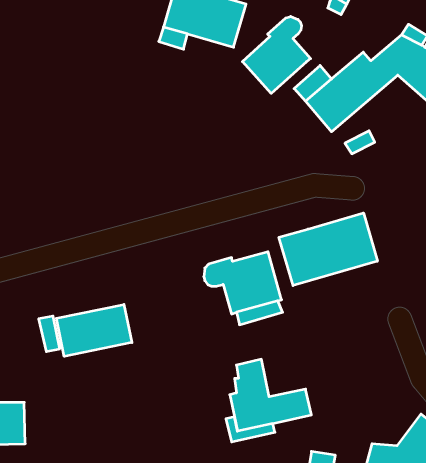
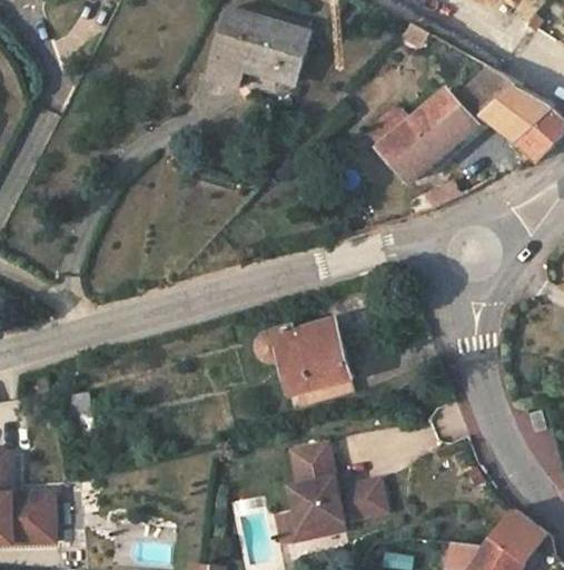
building: [242,16,311,93] -> none
building: [279,213,377,286] -> none
building: [56,304,132,356] -> none

